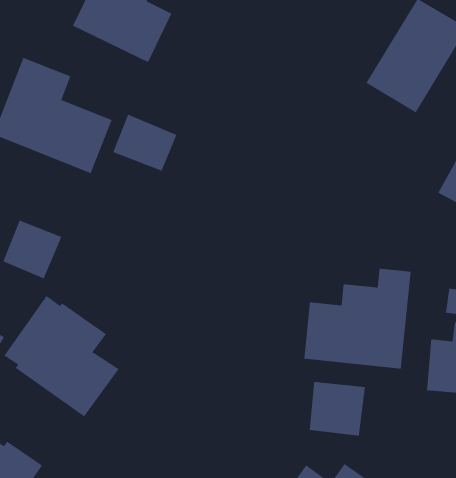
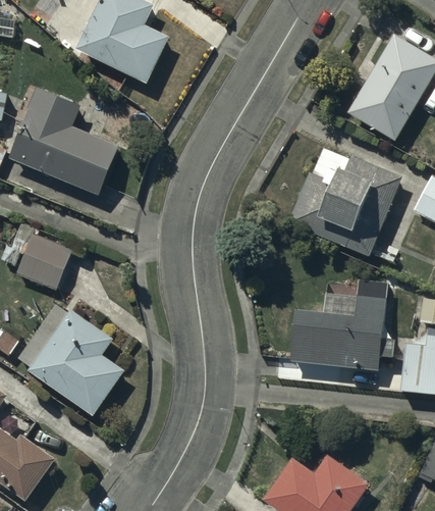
building: [113,114,177,171] -> none
building: none -> [287,155,398,254]
building: [309,381,366,436] -> none

